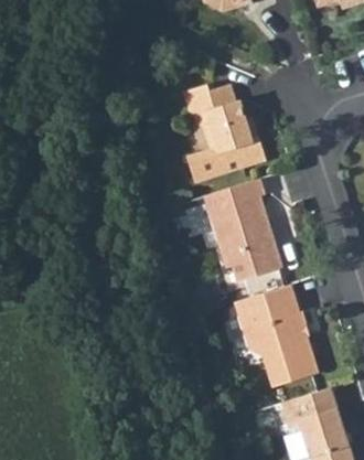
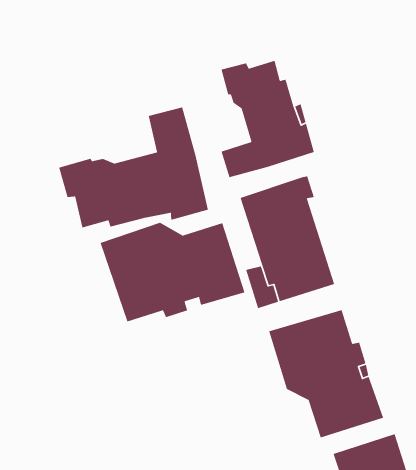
building: none -> [58,107,209,228]
building: none -> [99,222,245,323]

